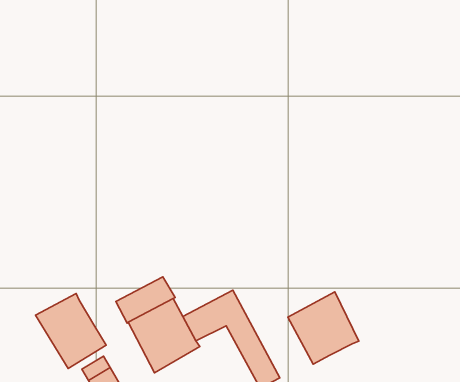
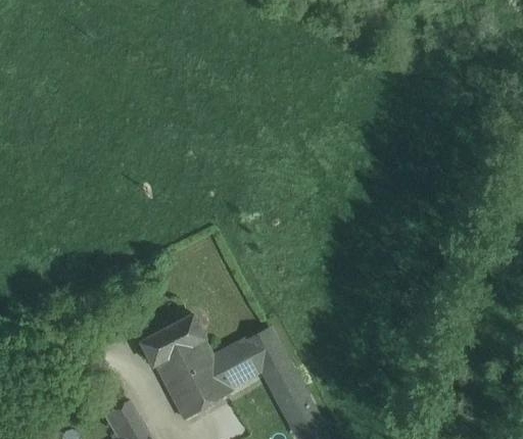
building: [288,292,359,364] -> none
building: [36,294,106,368] -> none

